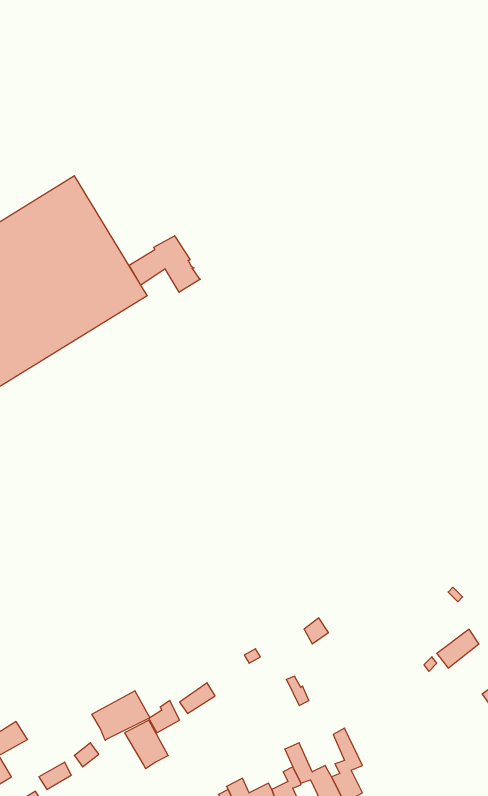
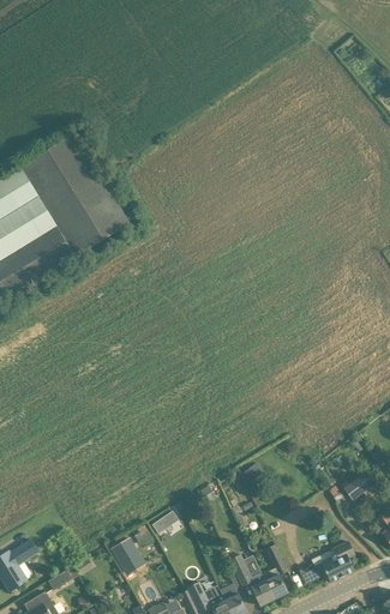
building: [129,236,200,292] -> none
building: [92,691,150,740] -> none
building: none -> [298,542,353,584]

